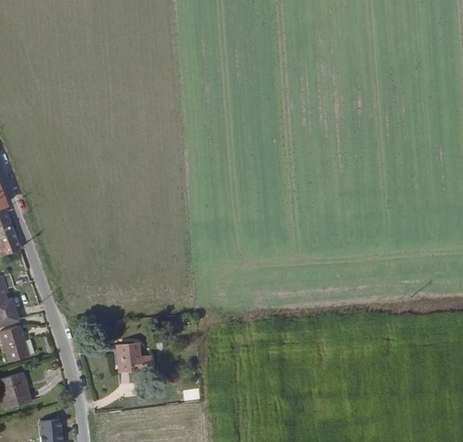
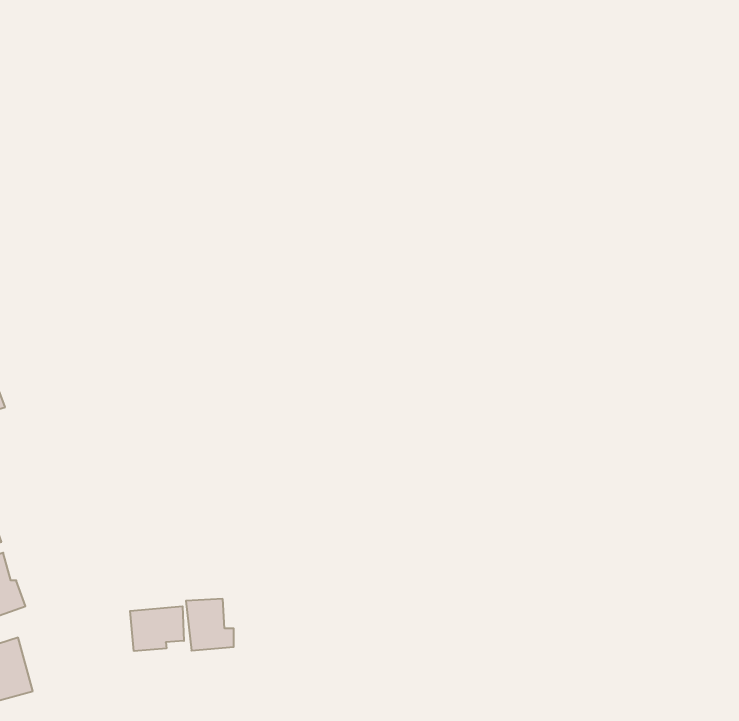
building: none -> [130,606,184,651]

